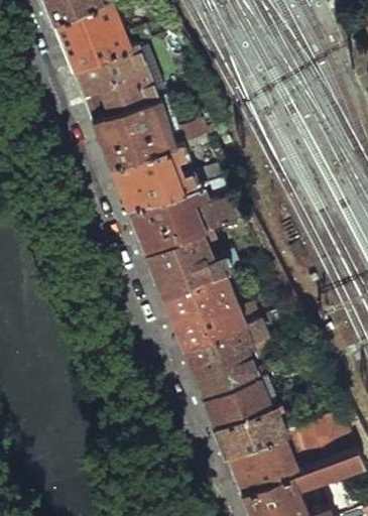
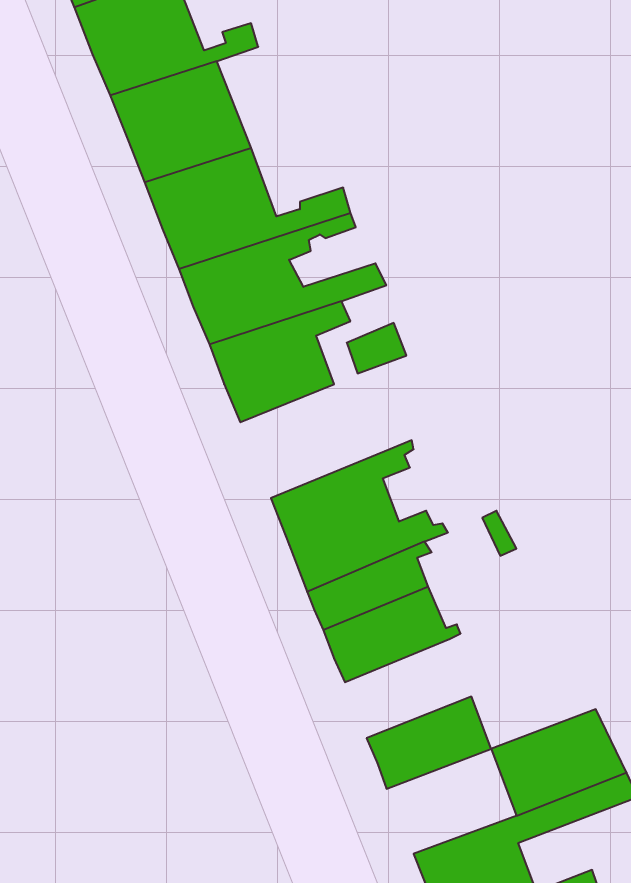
building: [145,229,229,294] -> none
building: [204,373,279,428] -> none
building: [227,434,299,493] -> none

